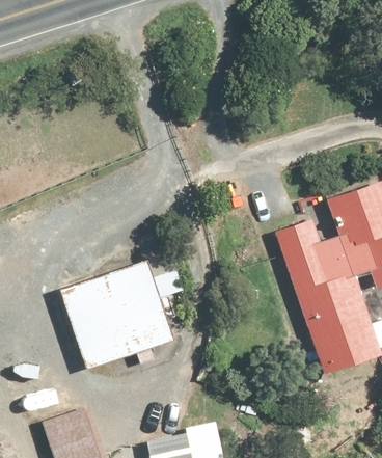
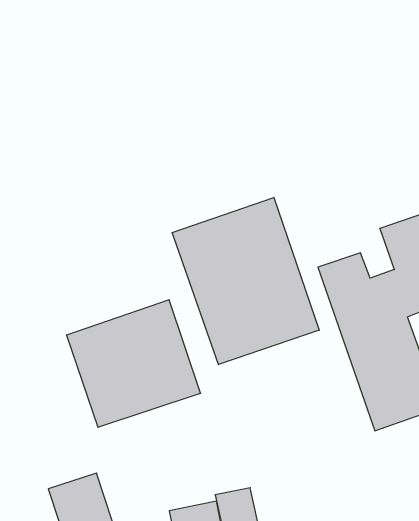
building: none -> [172,197,319,365]

